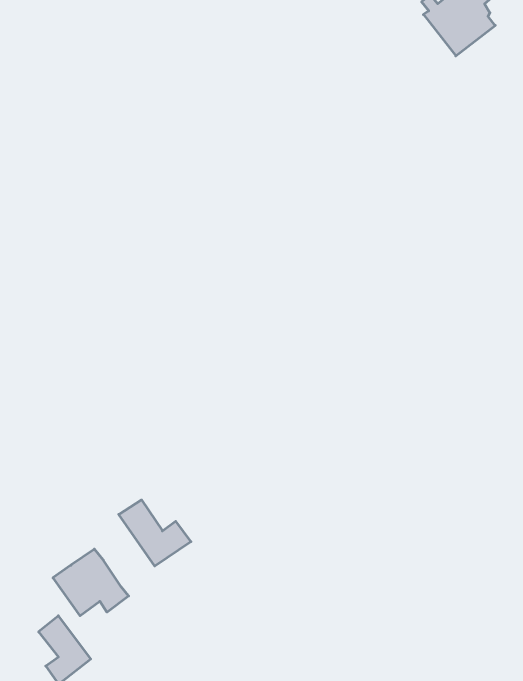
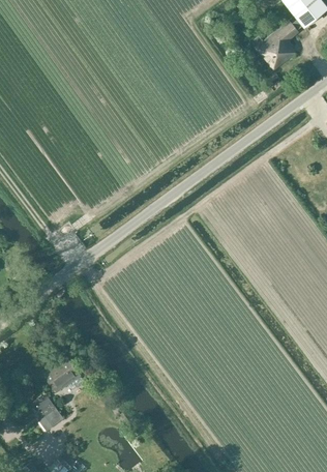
building: [119,500,191,566] -> none

